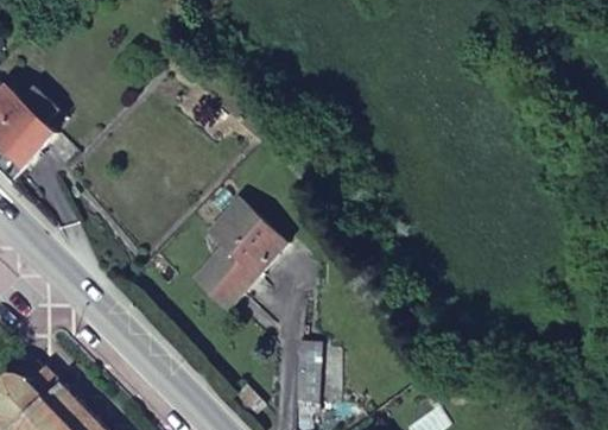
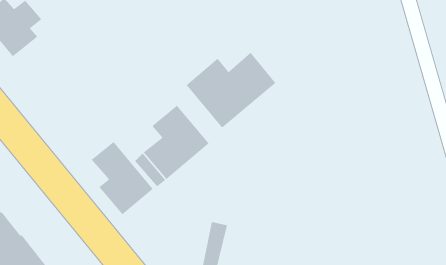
building: none -> [186,52,276,129]
building: none -> [91,141,153,215]

